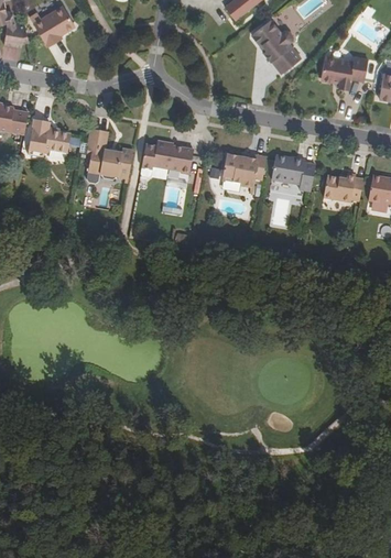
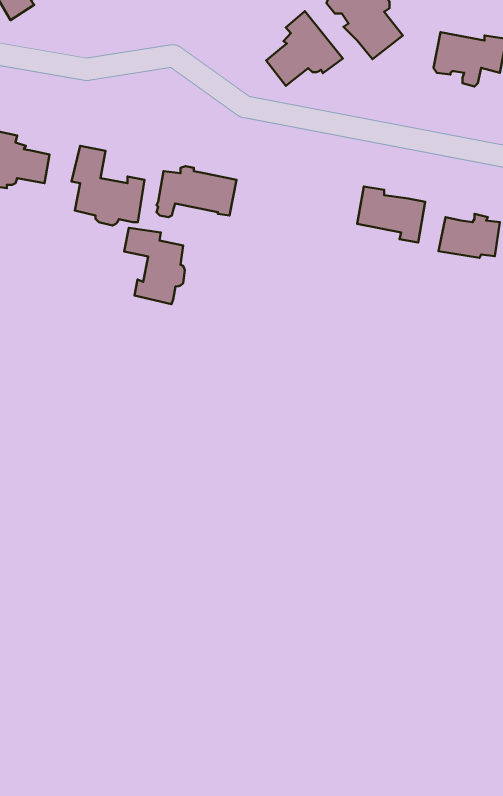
building: none -> [266,11,343,86]
building: [221,153,267,186] -> none
building: none -> [124,228,185,304]

